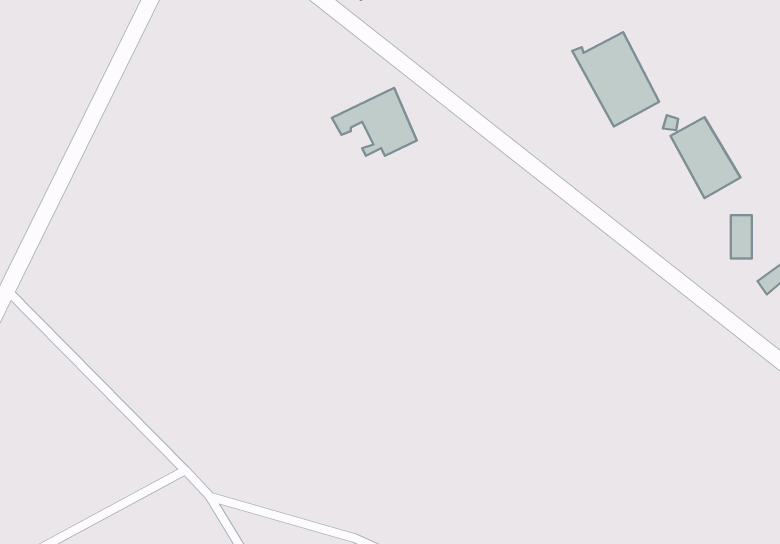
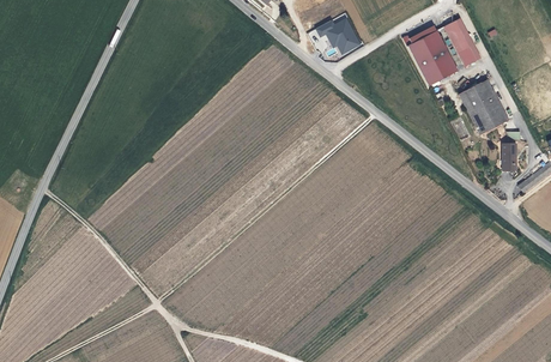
building: none -> [443,18,479,65]
building: [332,88,417,156] -> [307,13,361,56]

